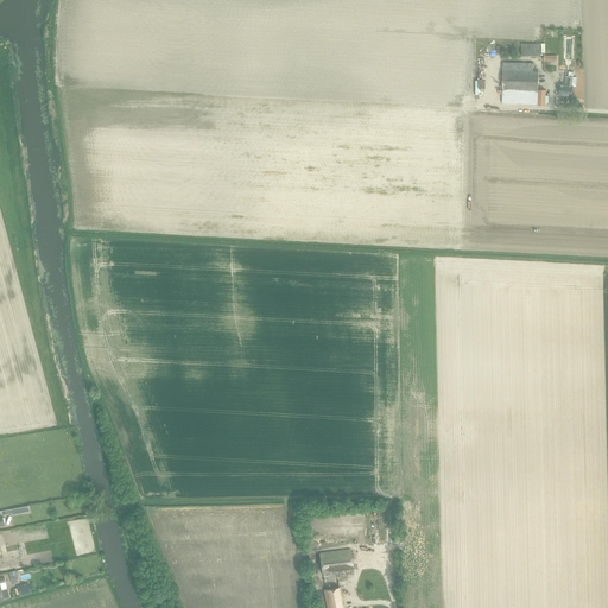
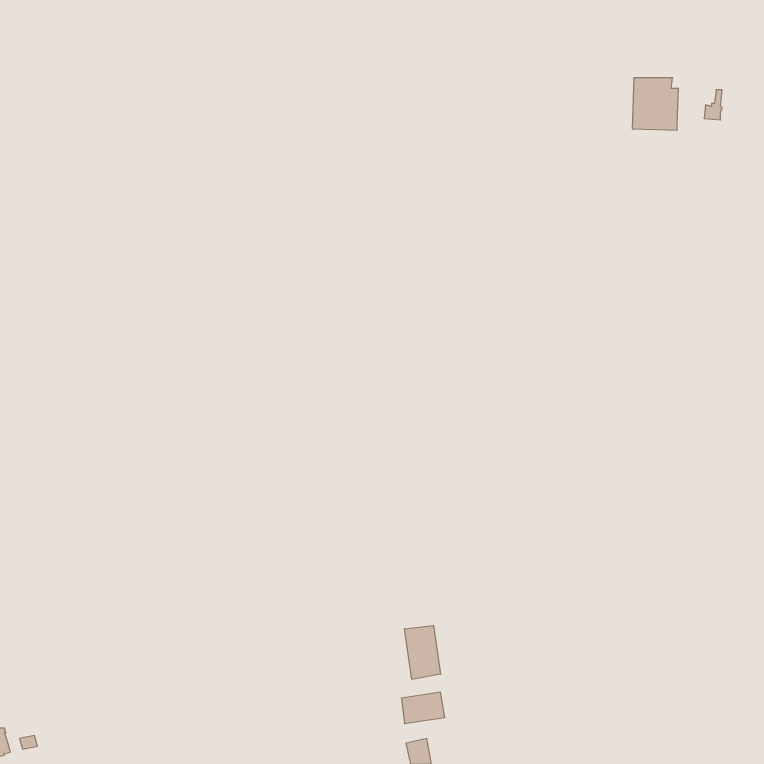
building: none -> [404,625,441,679]

